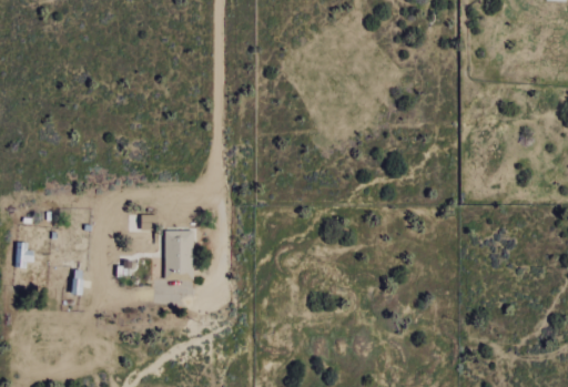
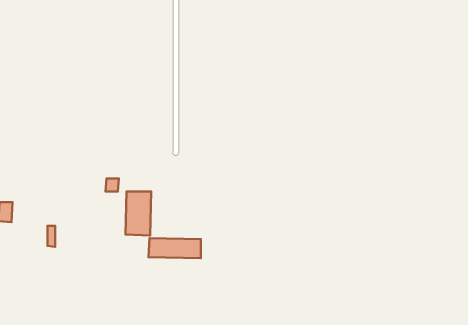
building: none -> [148,238,201,258]

